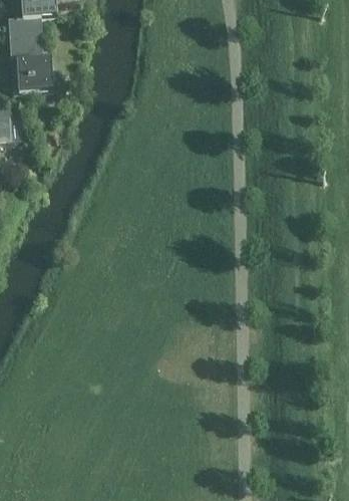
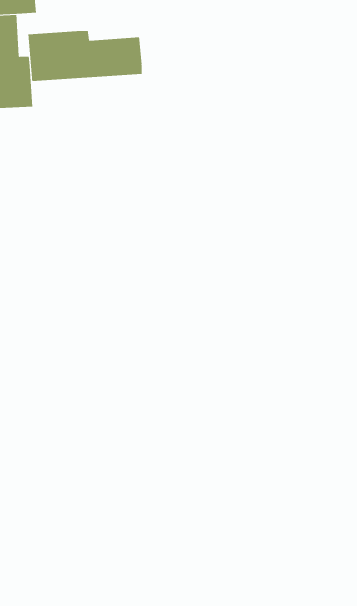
building: none -> [28,30,142,82]

